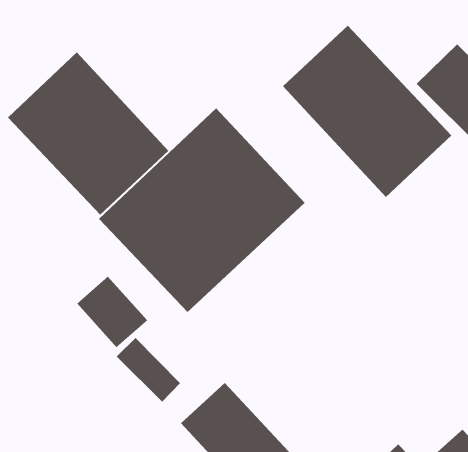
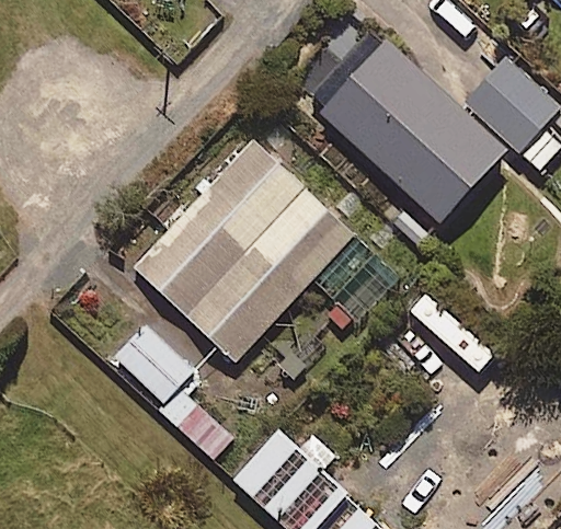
building: [7,51,169,216] -> none

